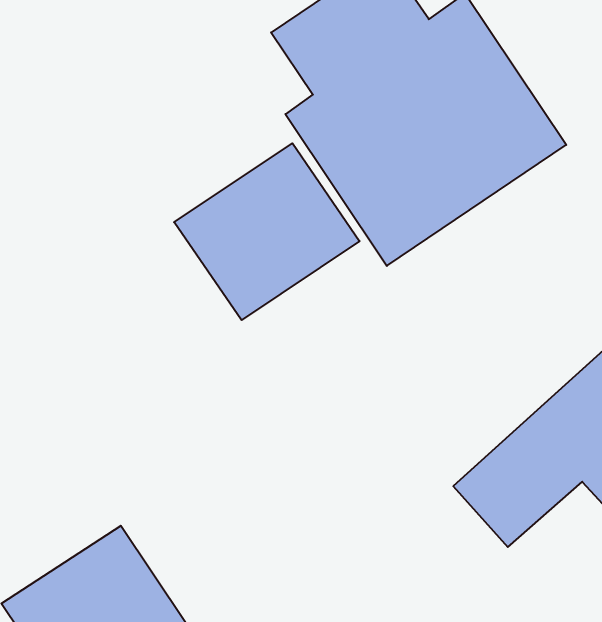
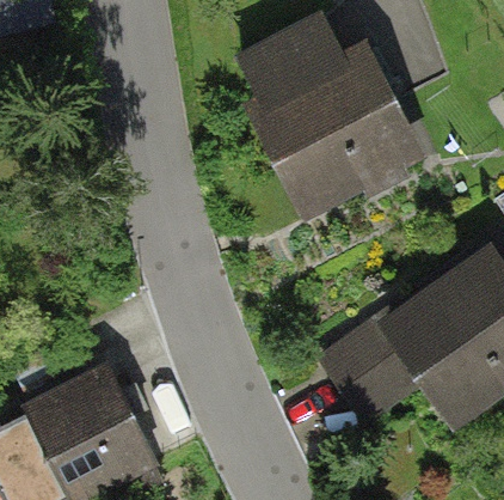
building: [174,143,360,320] -> none

